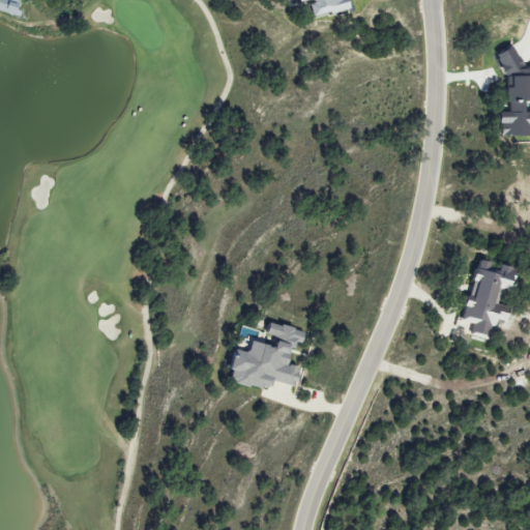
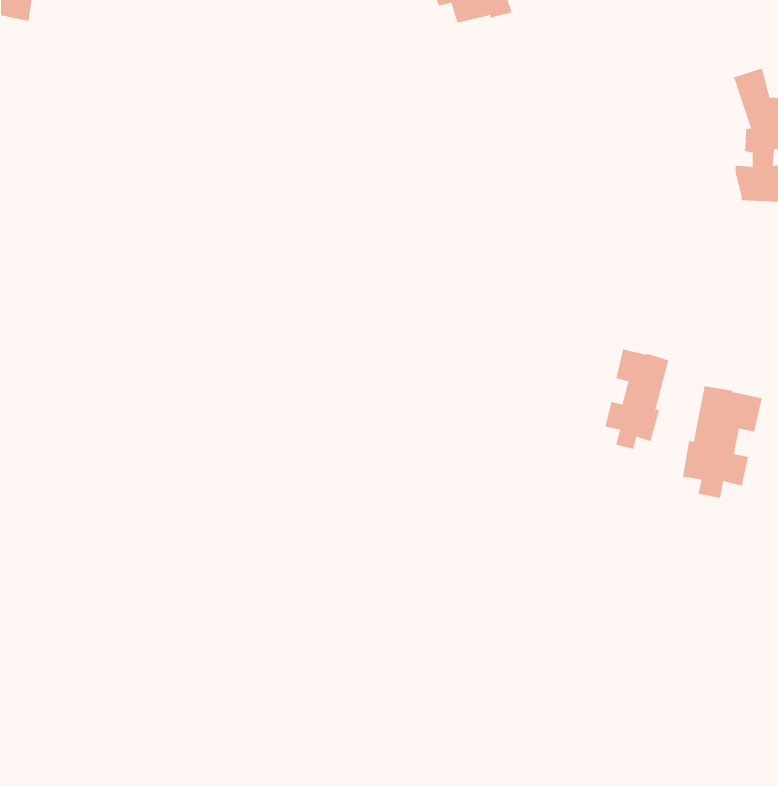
building: none -> [605,348,669,450]
building: [228,321,308,389] -> none

